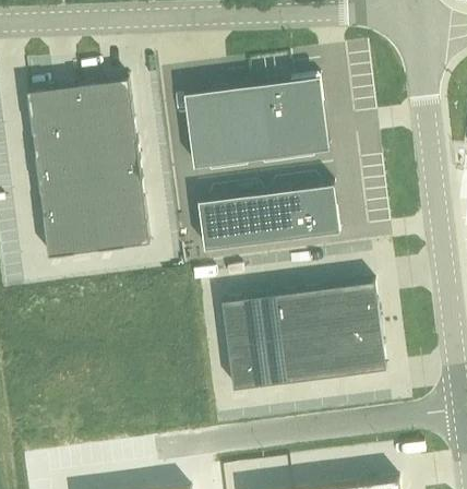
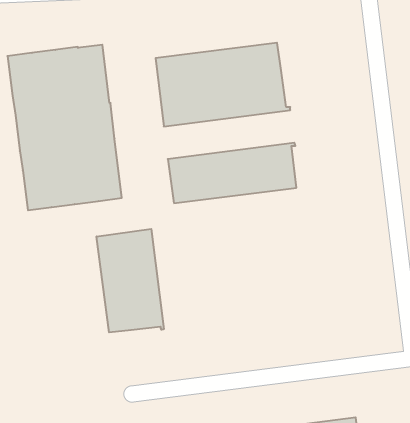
building: none -> [97,229,164,332]
building: [223,284,385,391] -> none

